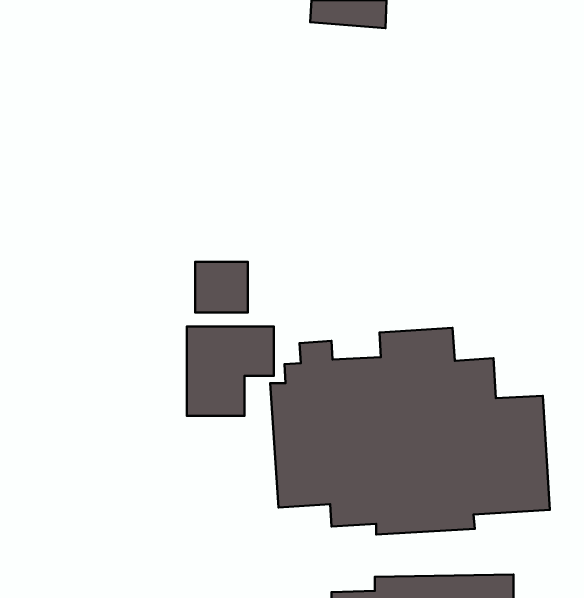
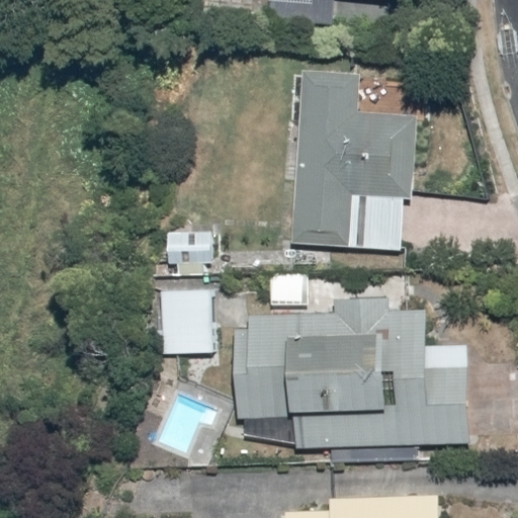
building: none -> [292,72,405,251]

